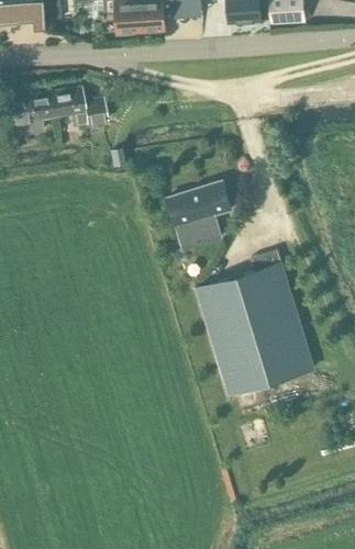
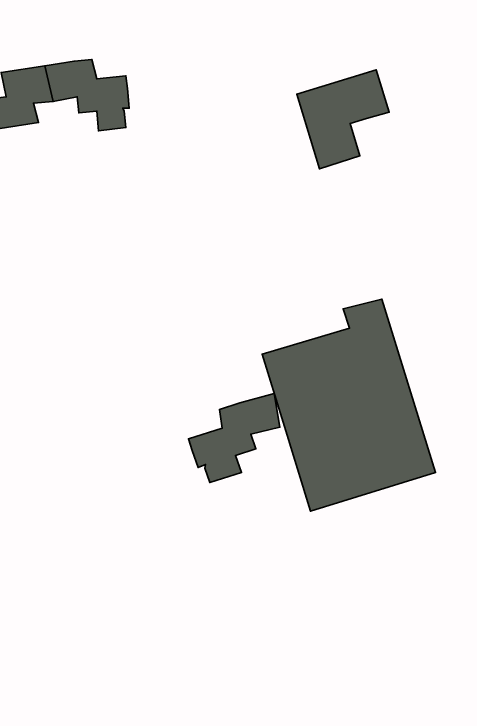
building: [168,181,231,248] -> [297,70,389,169]
building: none -> [189,394,280,482]

